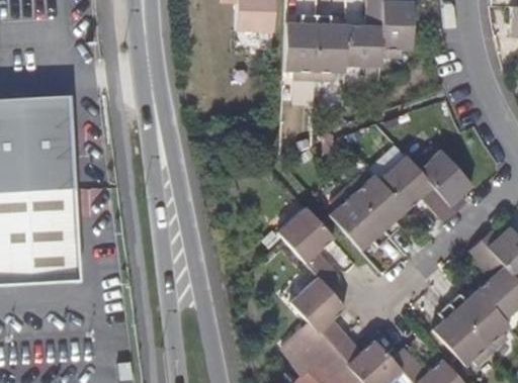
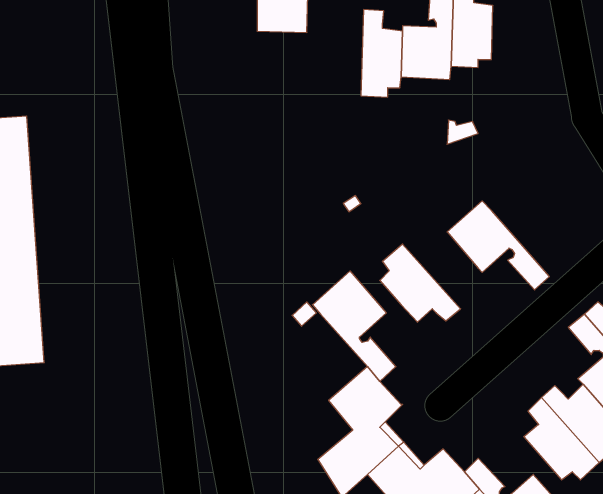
building: [286,12,317,77] -> none
building: [413,149,468,212] -> none
building: [346,174,403,236] -> none

